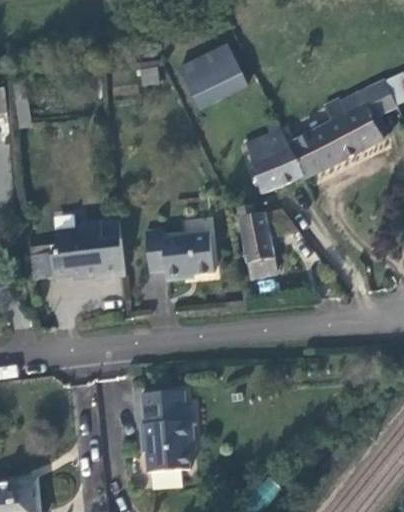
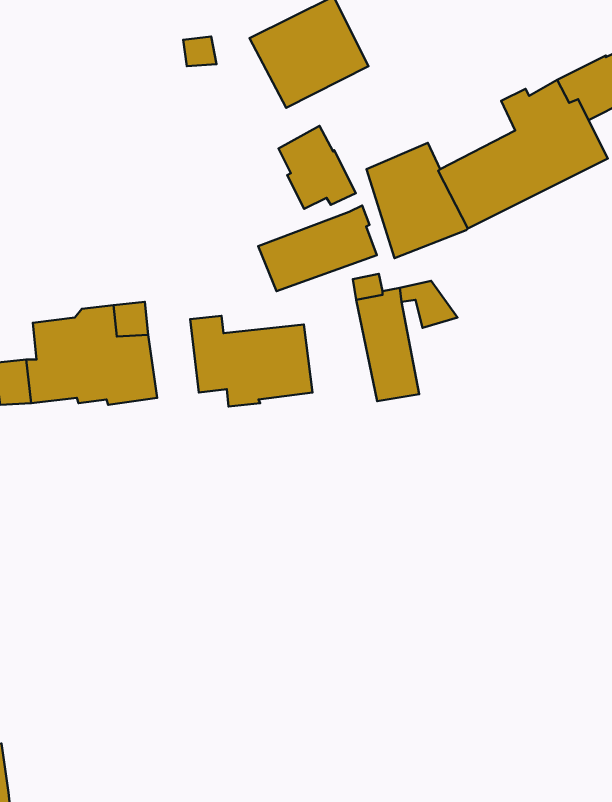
building: none -> [279,126,356,209]
building: none -> [258,206,377,291]
building: [139,392,193,474] -> none

